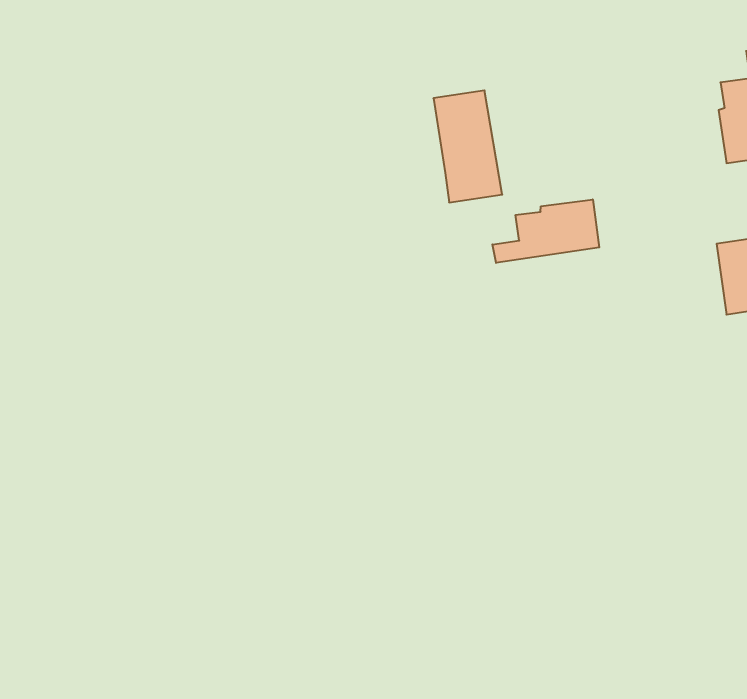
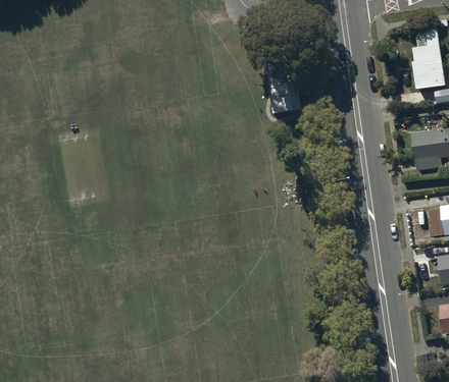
building: [492,199,599,263] -> none

